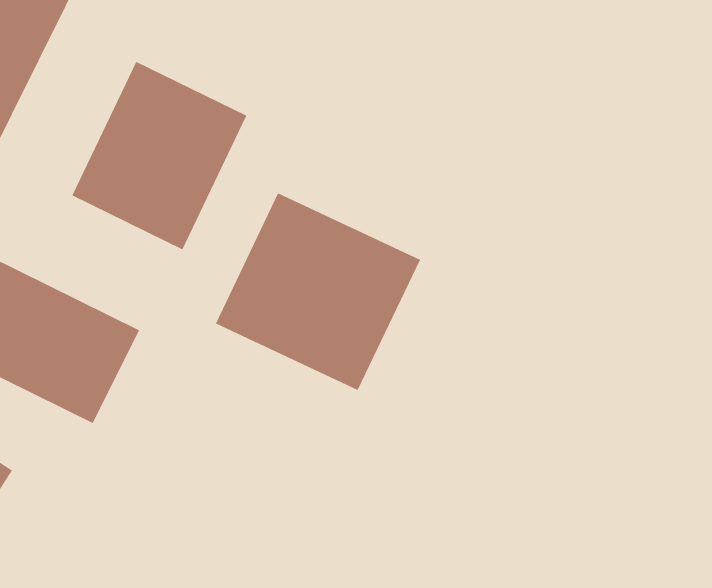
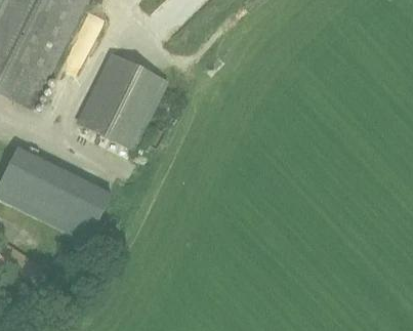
building: [215,193,421,391] -> none

